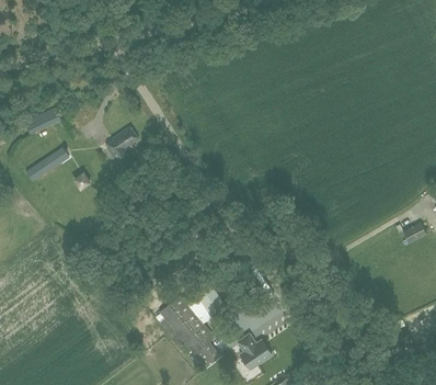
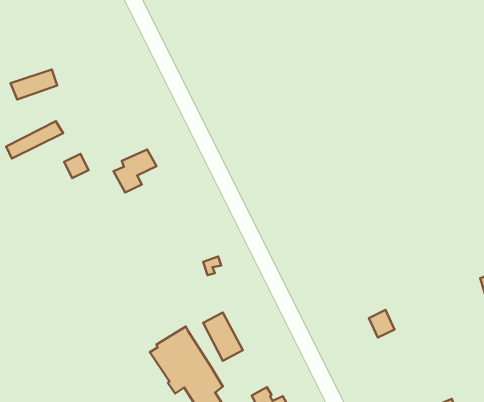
building: [106,127,139,162] -> [113,150,157,193]

